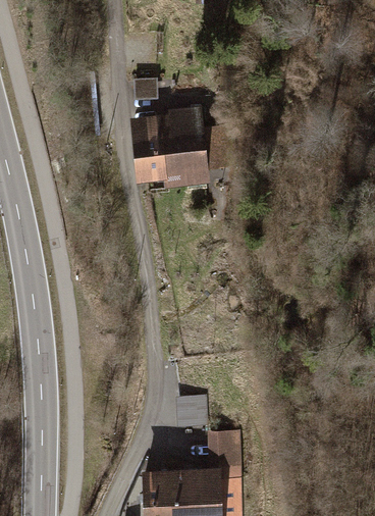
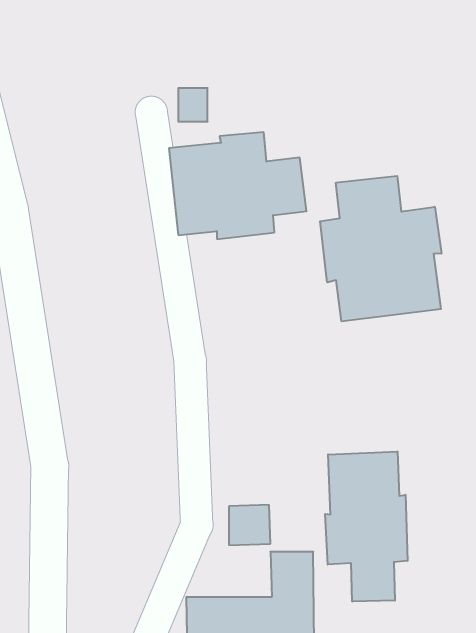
building: none -> [320,176,441,321]
building: none -> [325,451,408,602]

